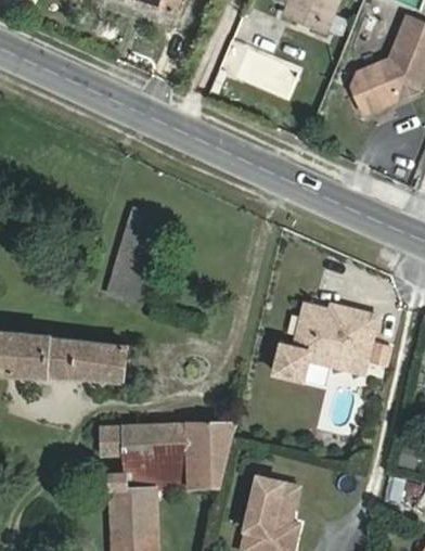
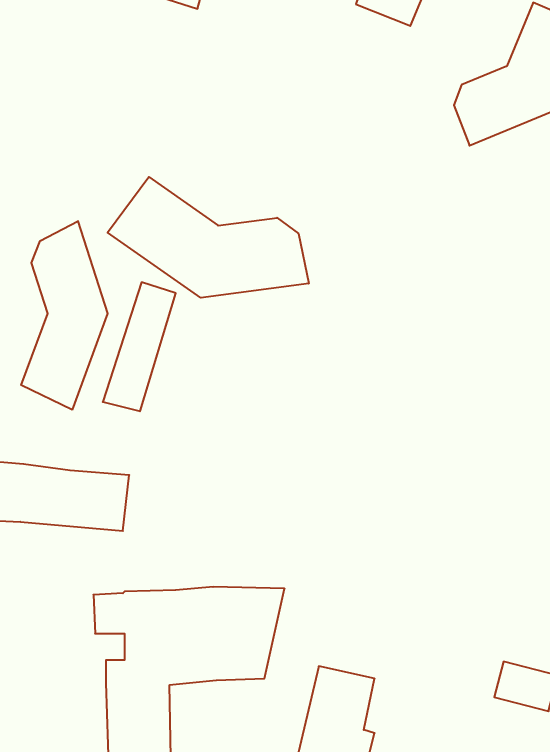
building: none -> [108,177,309,298]
building: none -> [21,221,108,410]
building: [273,304,376,380] -> none

